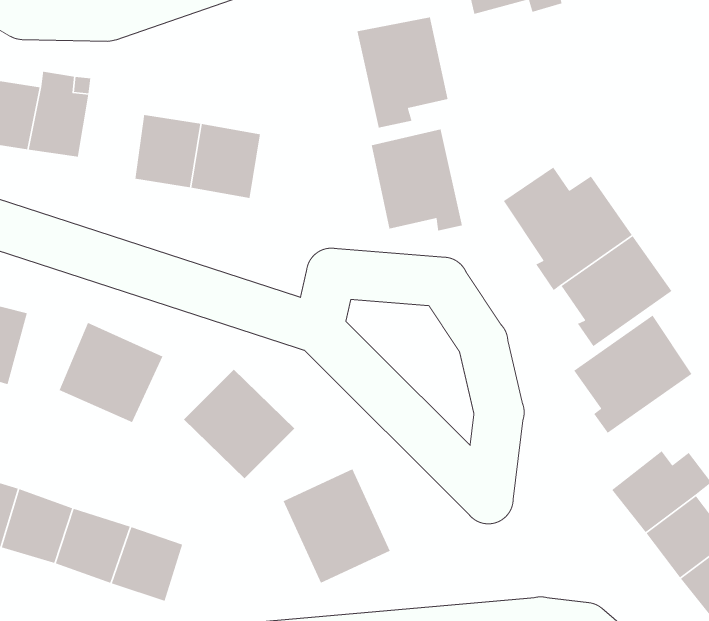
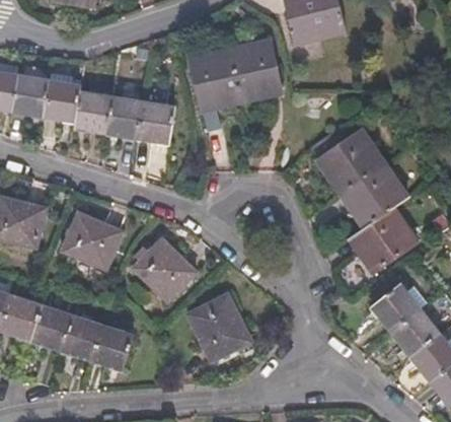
building: none -> [75,90,109,132]
building: [371,128,463,231] -> [190,49,241,107]

